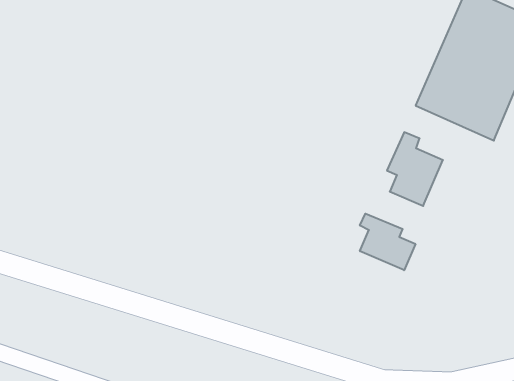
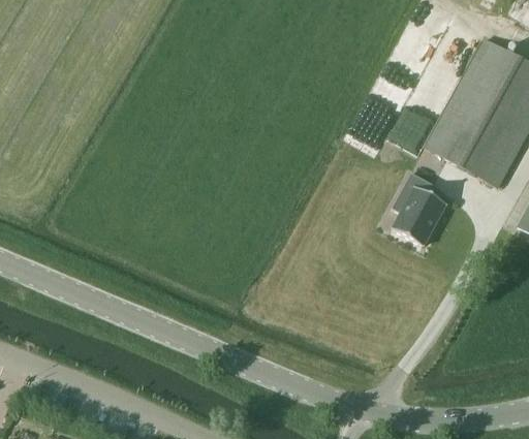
building: [360,214,415,270] -> none

